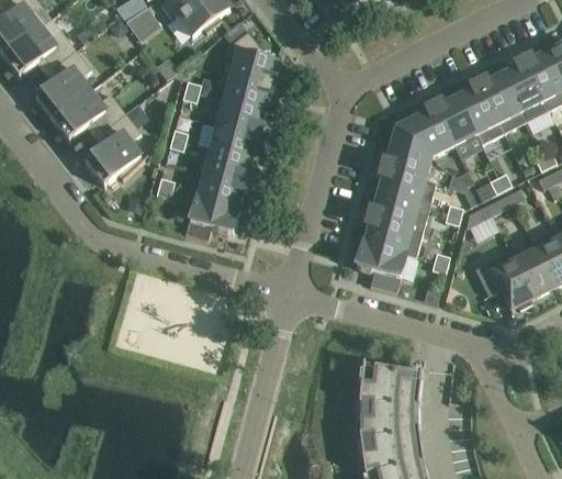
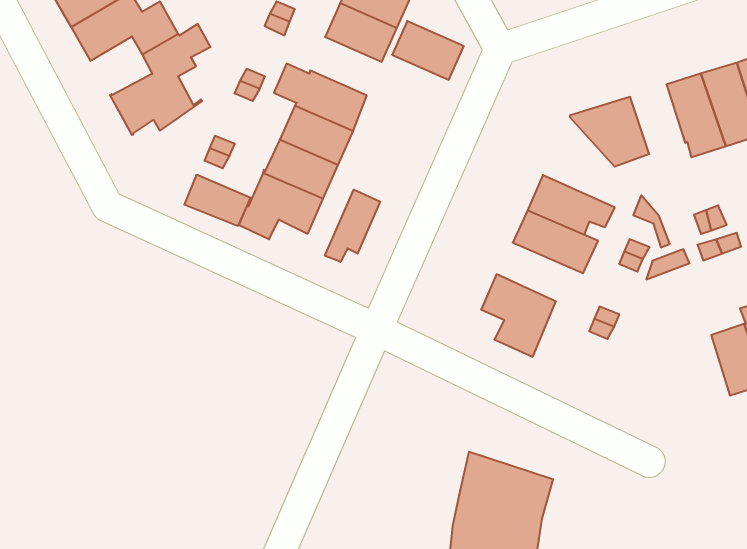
building: [432,96,474,144] -> none
building: [215,99,262,134] -> [392,21,464,80]
building: [382,127,434,183] -> none
building: none -> [325,190,380,262]
building: none -> [184,175,250,226]
building: [361,218,419,255] -> none
building: [473,250,530,309] -> none

